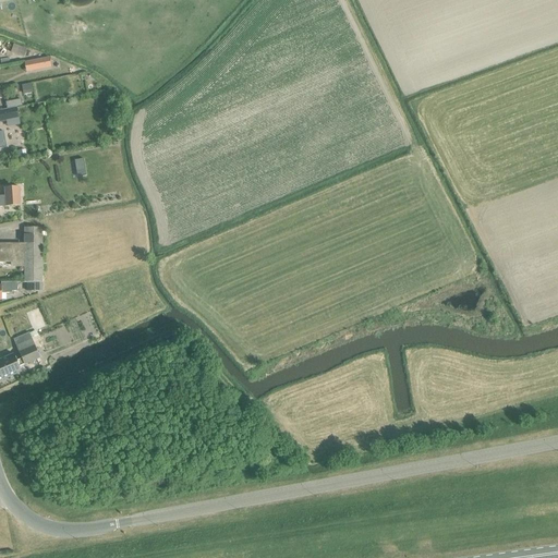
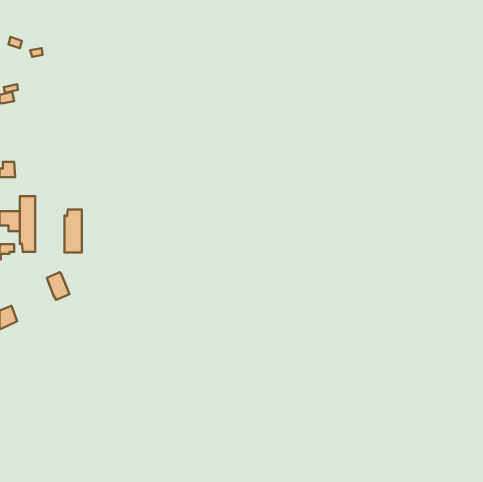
building: none -> [65,210,82,253]
building: [12,331,38,363] -> [47,272,69,300]

